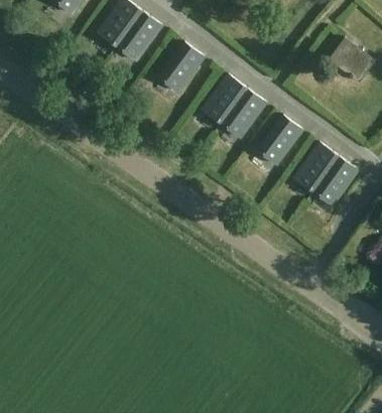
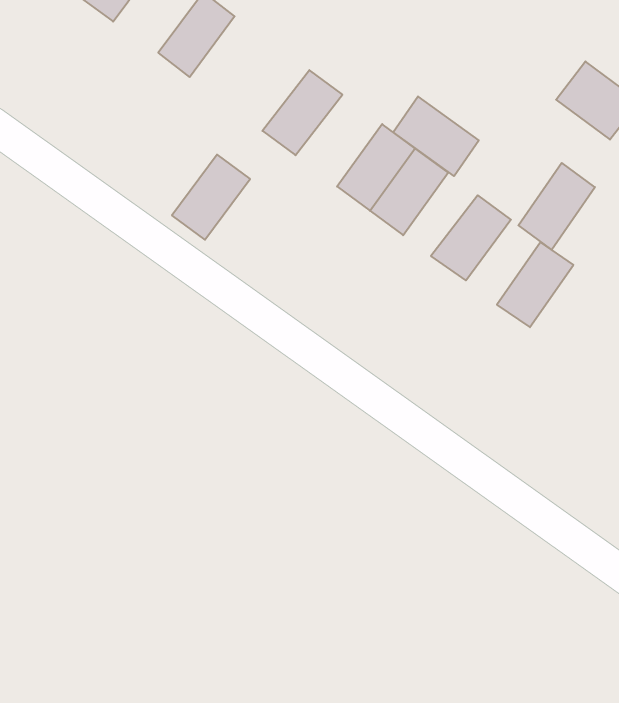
building: [115,11,160,60] -> [172,155,250,240]
building: none -> [393,96,479,176]
building: [312,155,357,205] -> [518,163,595,250]

